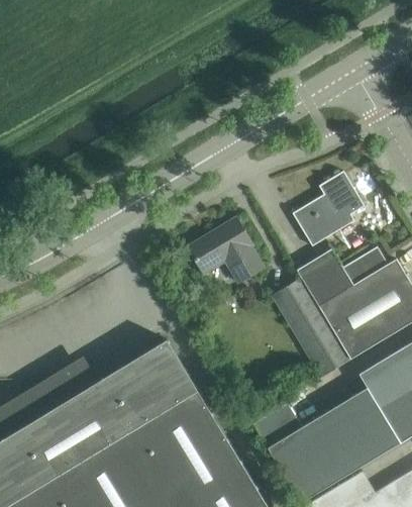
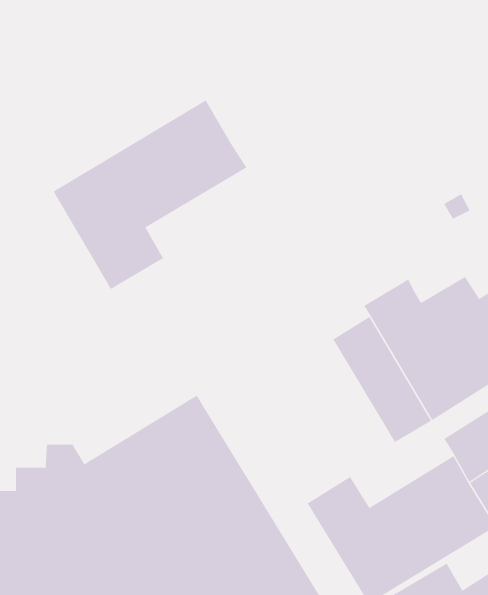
building: none -> [53,99,247,290]
building: [292,171,365,245] -> none
building: [187,217,264,283] -> none

